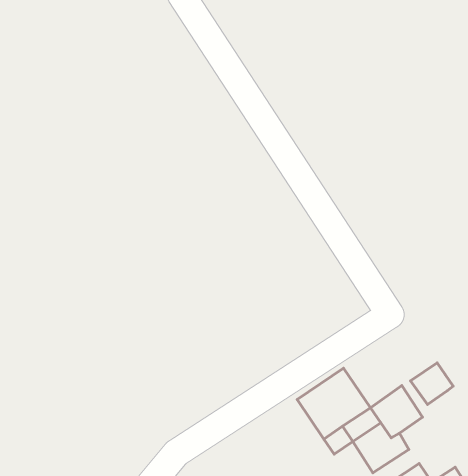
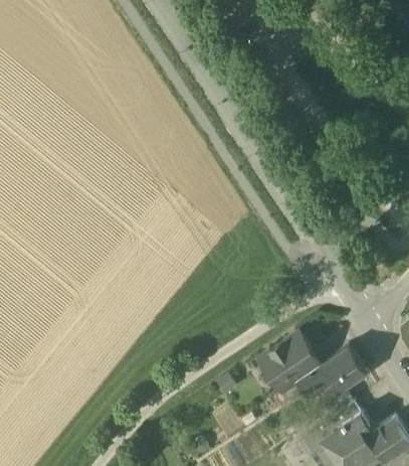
building: [411,363,453,404] -> none

